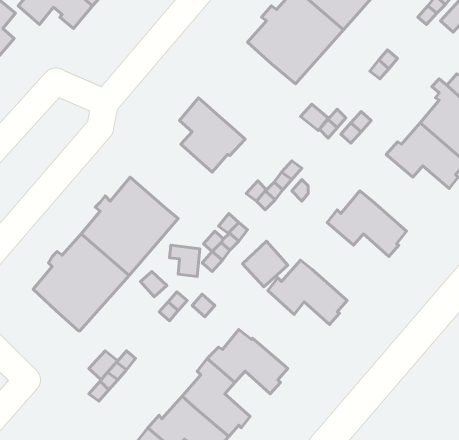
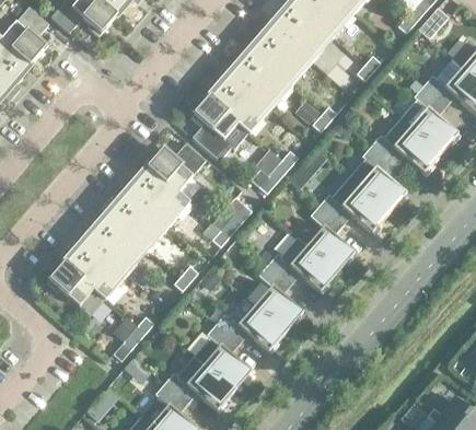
building: none -> [208,47,292,132]
building: none -> [149,141,206,190]
building: none -> [348,144,408,211]
building: none -> [306,204,357,271]
building: none -> [47,262,104,314]
building: none -> [255,263,305,330]

